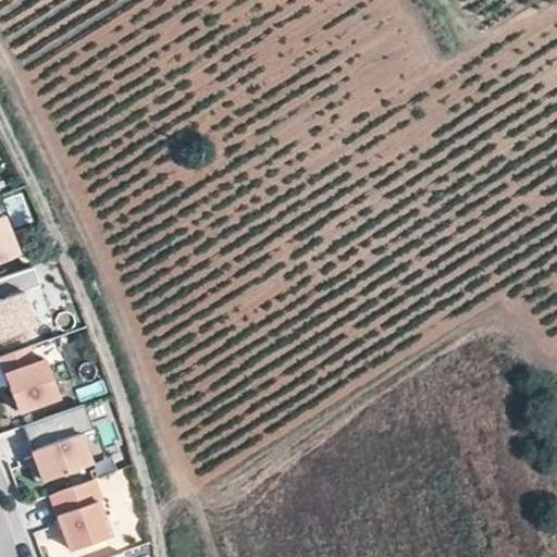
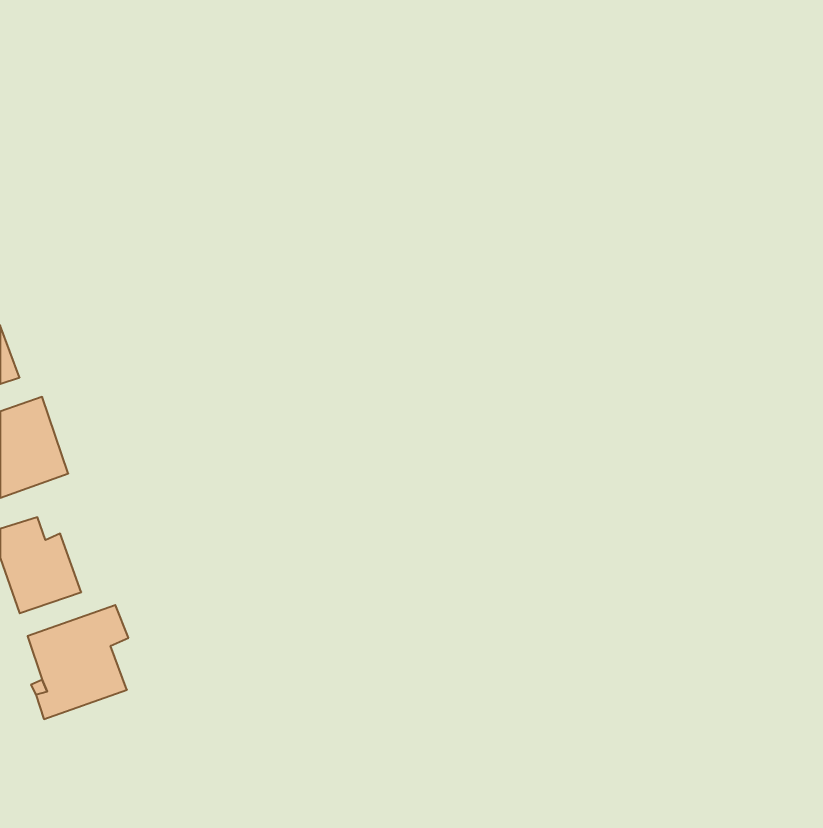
building: [50,482,110,552] -> none

